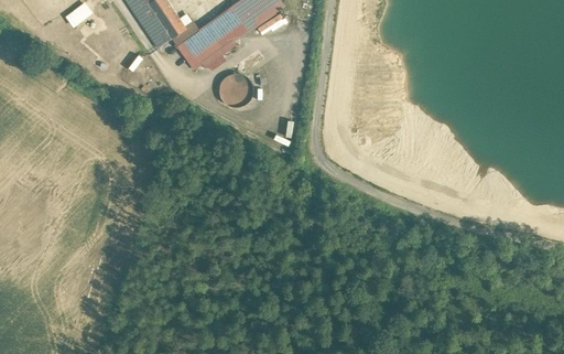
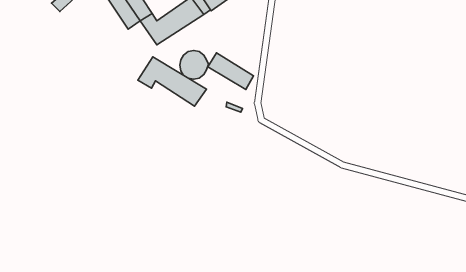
building: none -> [208,53,254,90]
building: none -> [138,57,206,106]

